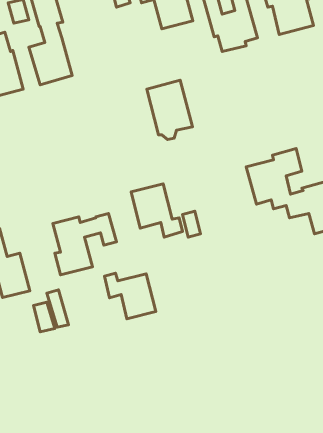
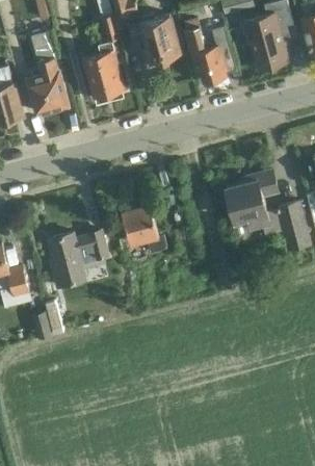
building: [147,80,193,139] -> [83,48,125,102]
building: [105,273,156,319] -> none

